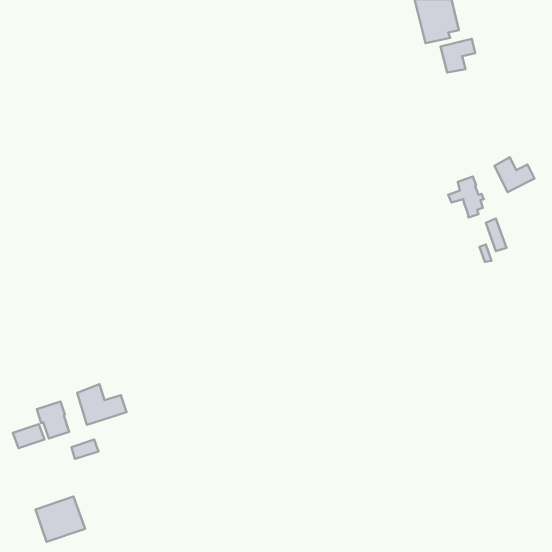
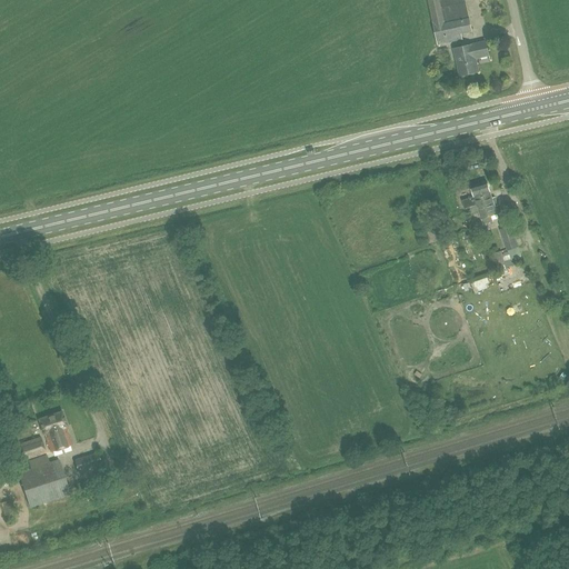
building: [495,157,535,192] -> none
building: [77,384,127,425] -> none
building: [36,497,85,542] -> [18,459,69,506]

